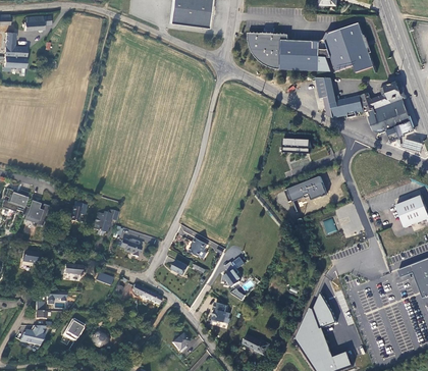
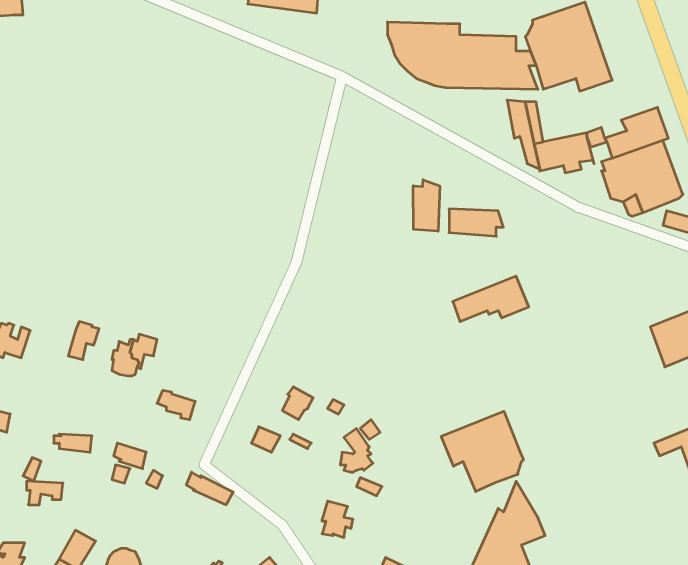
building: none -> [413,180,440,231]
building: none -> [441,411,523,492]

